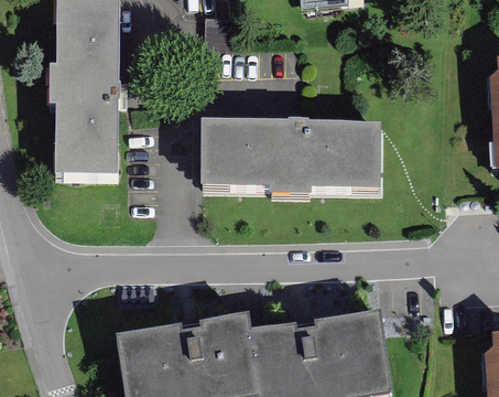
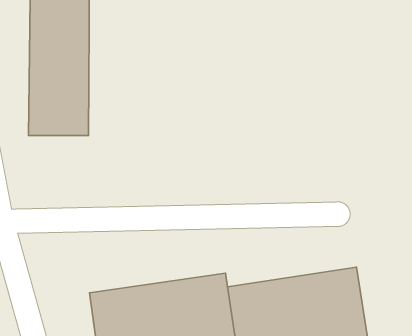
building: [204,118,400,187] -> none

